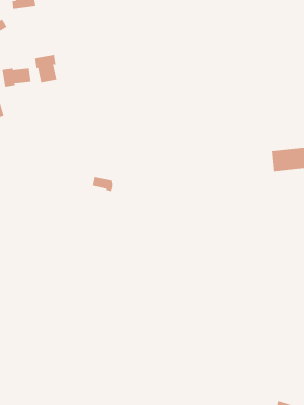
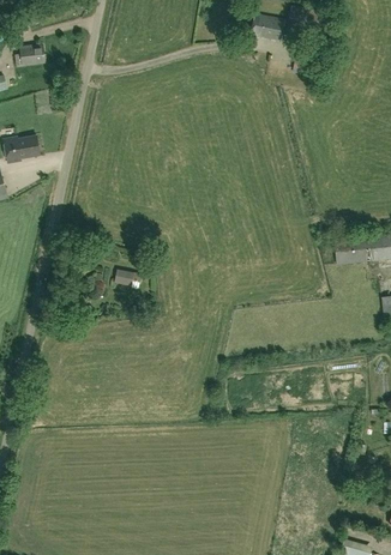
building: [34,54,57,83] -> none

